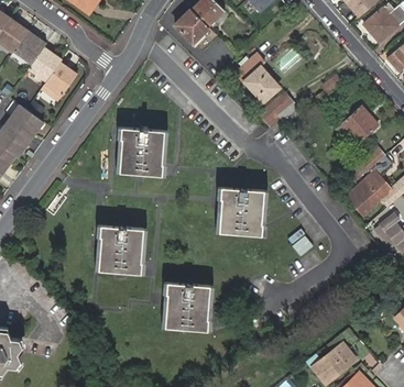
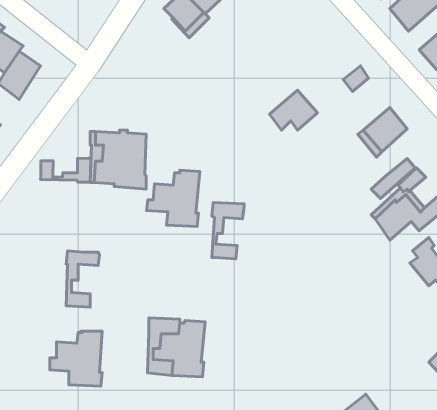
building: [238,55,282,106] -> none
building: none -> [41,158,91,182]
building: [220,187,264,233] -> [146,170,200,227]
building: [101,228,144,273] -> [50,331,102,386]

